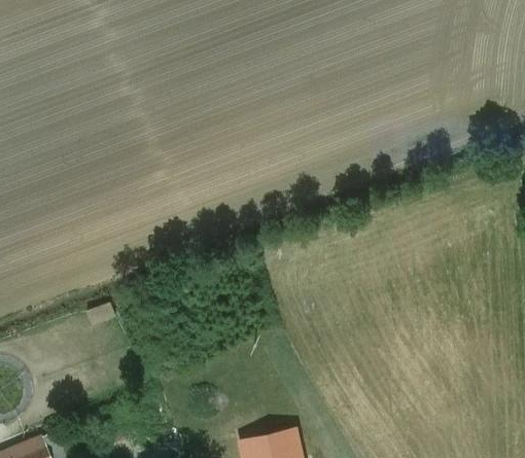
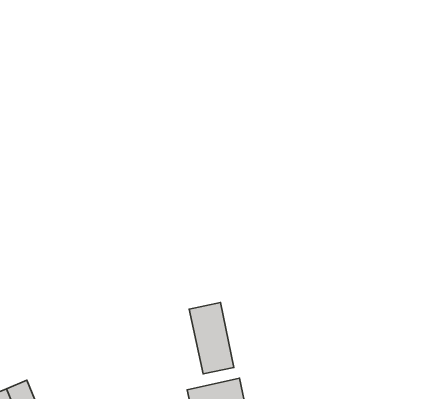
building: none -> [189,302,234,374]

